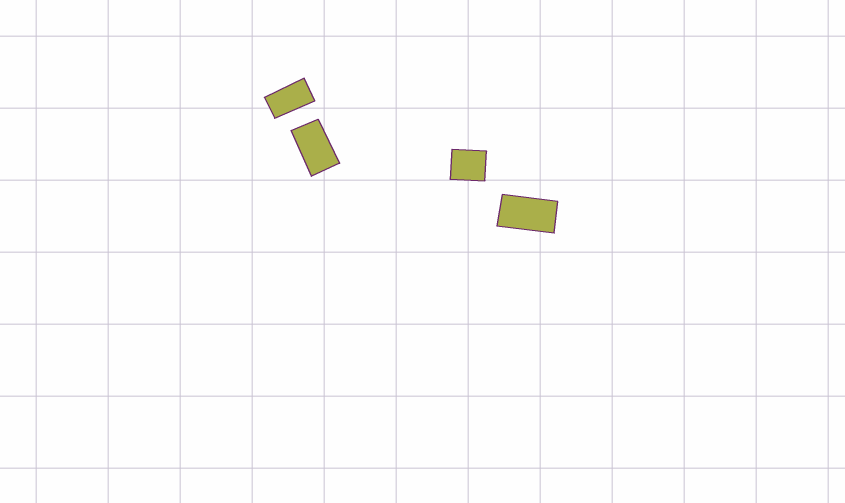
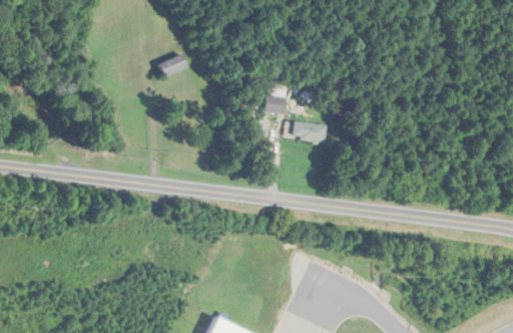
building: [291,119,340,176] -> none

